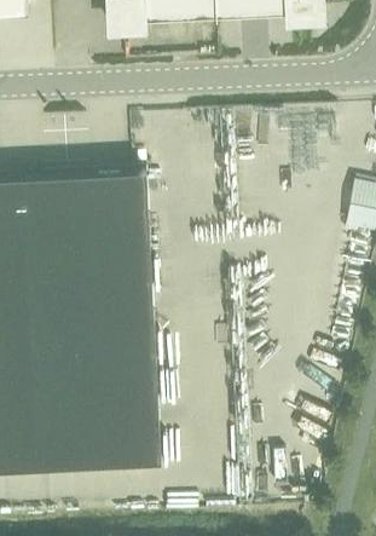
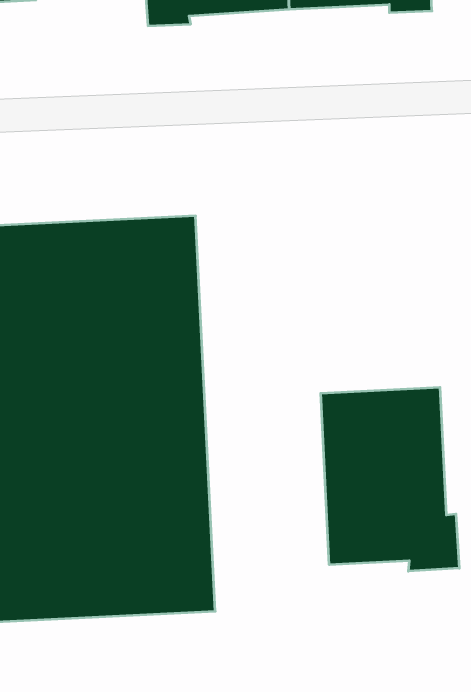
building: none -> [321,387,459,571]

